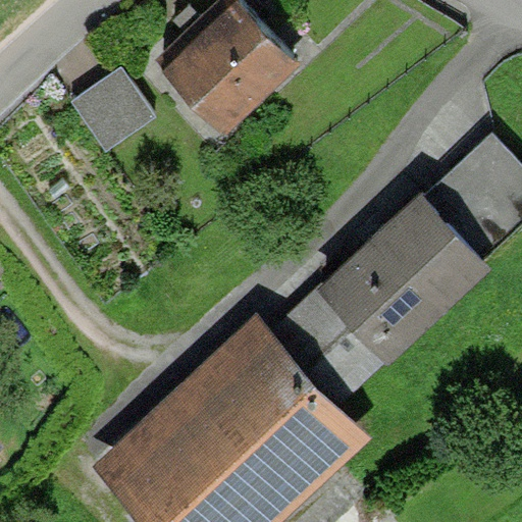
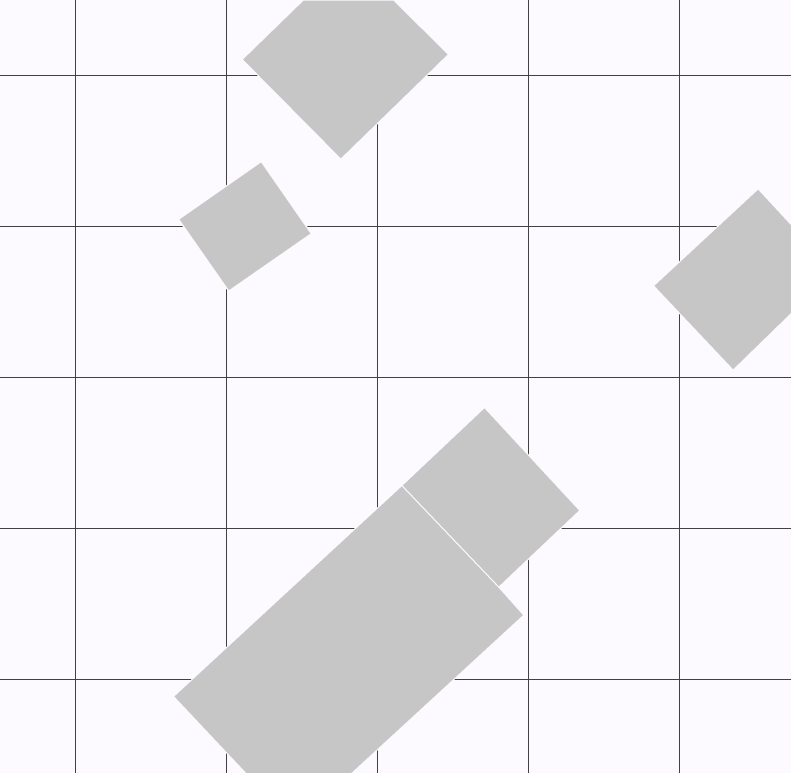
building: [70,63,157,148] -> [179,162,311,291]
building: [321,191,483,350] -> none

